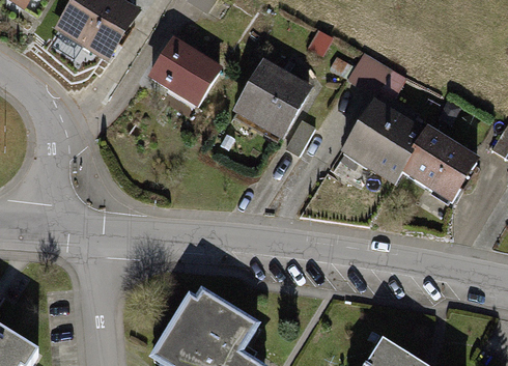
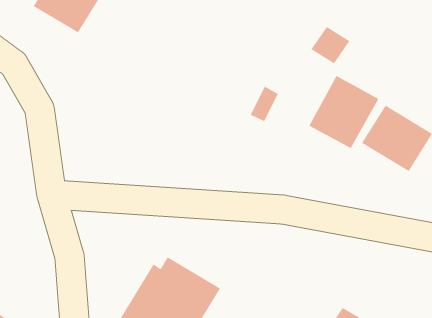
building: [148,39,215,104] -> none
building: [235,60,308,137] -> none

